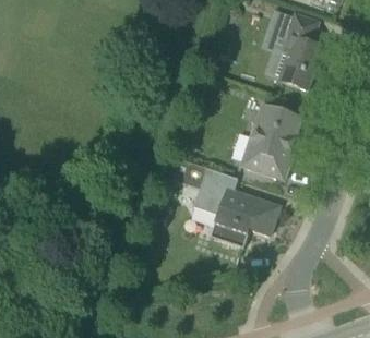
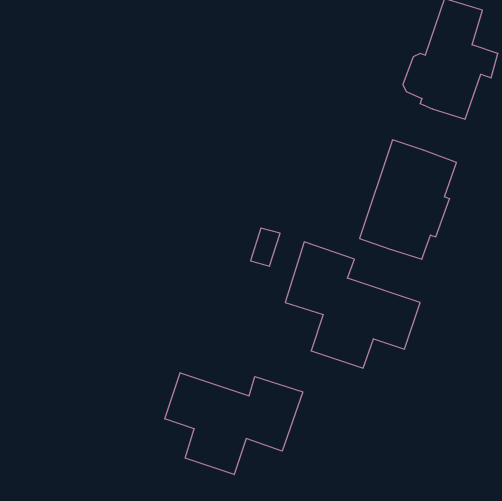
building: none -> [165,373,303,475]

